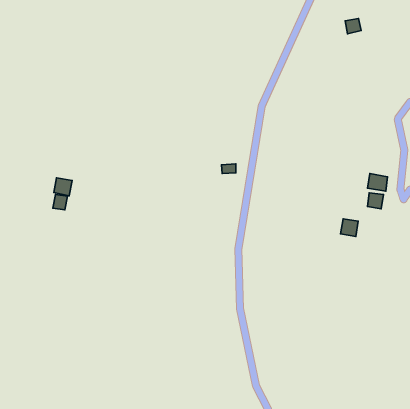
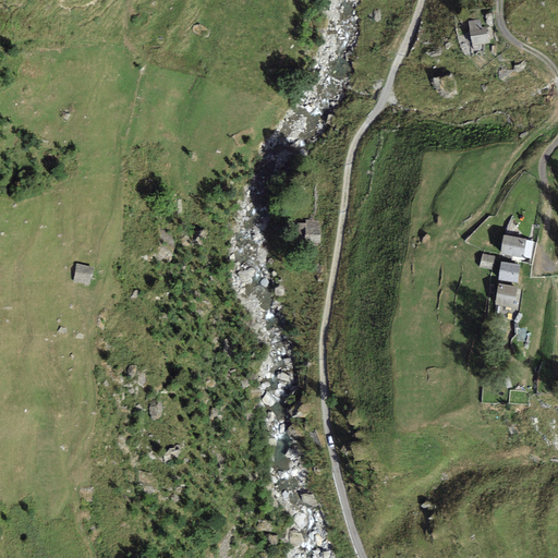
building: [54,178,72,196] -> none
building: [341,219,358,236] -> [495,282,519,306]

